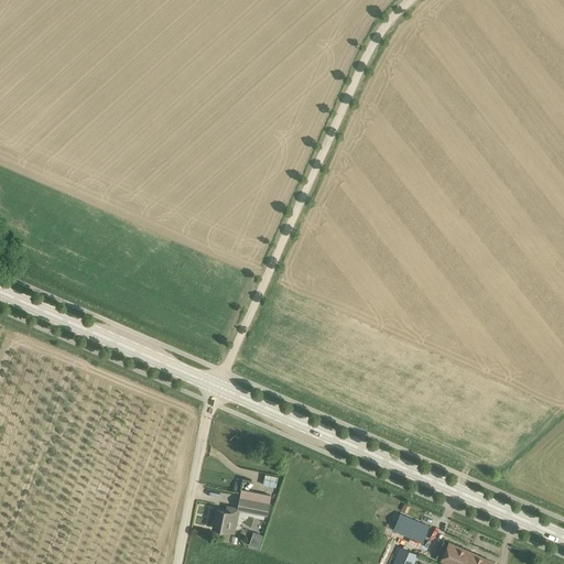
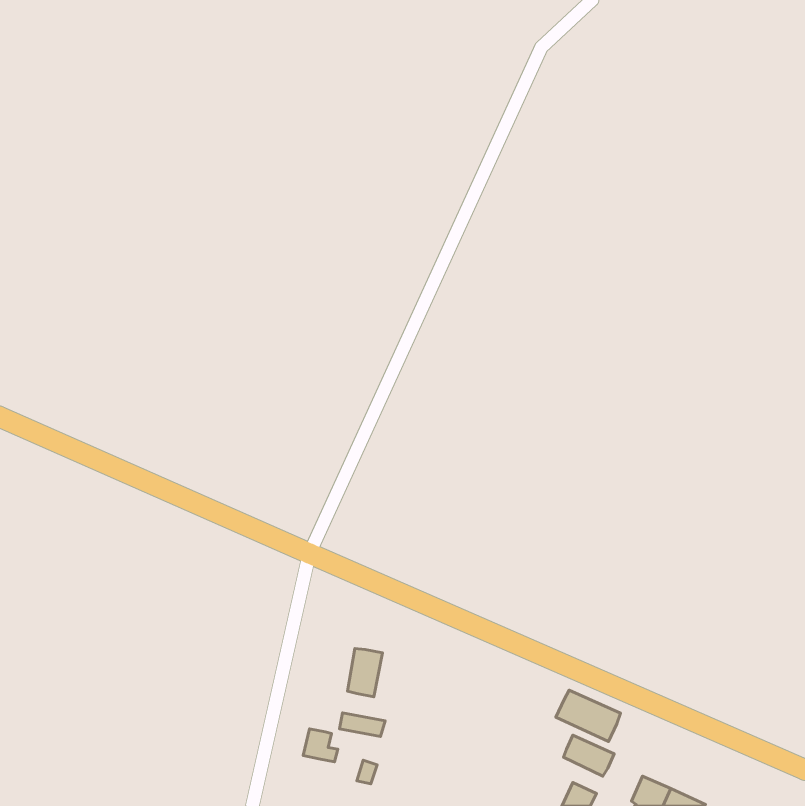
building: none -> [347,648,382,697]
building: none -> [556,690,621,741]

